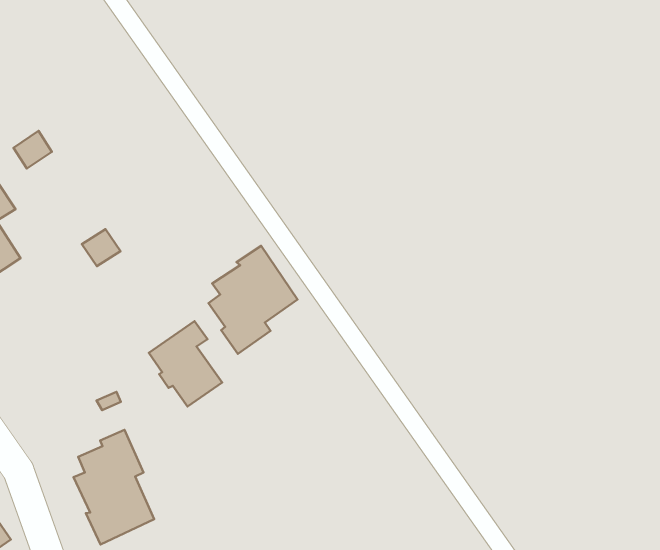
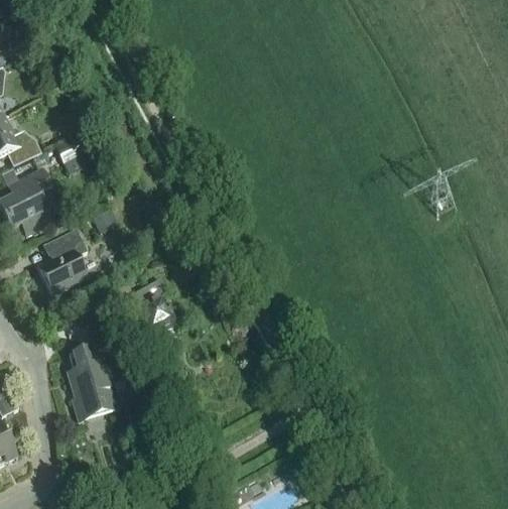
building: [209,246,298,354] -> none
building: none -> [38,228,87,293]

